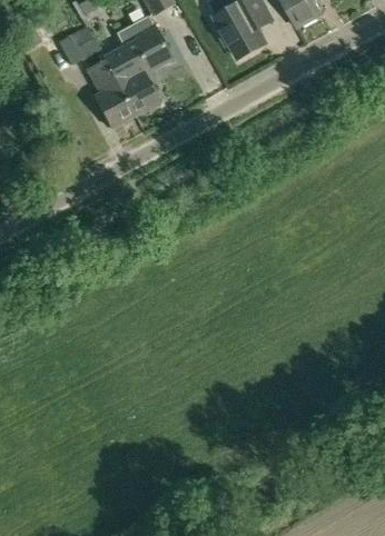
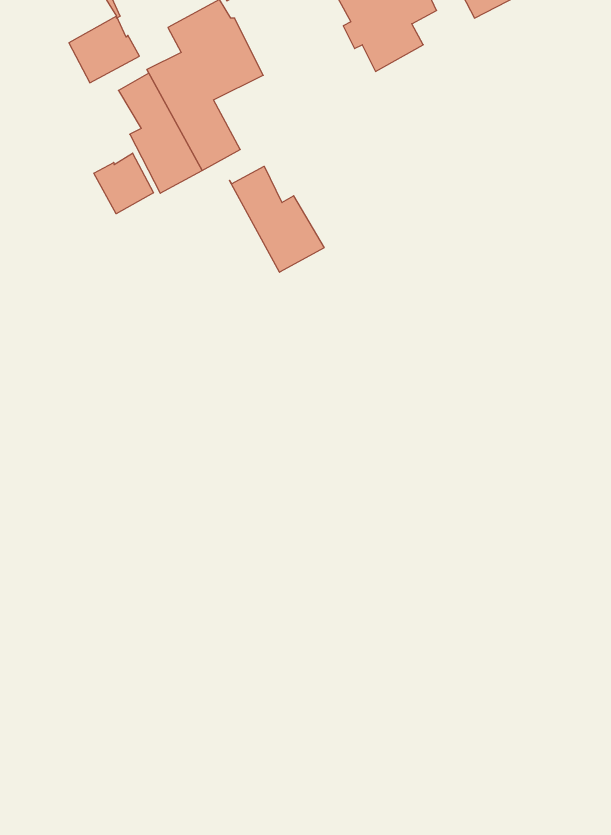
building: none -> [94,153,153,214]
building: none -> [229,166,324,272]

